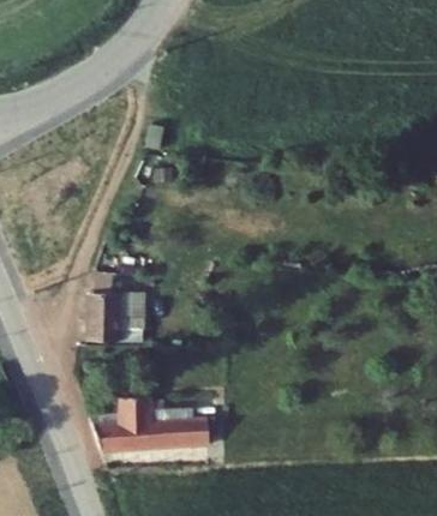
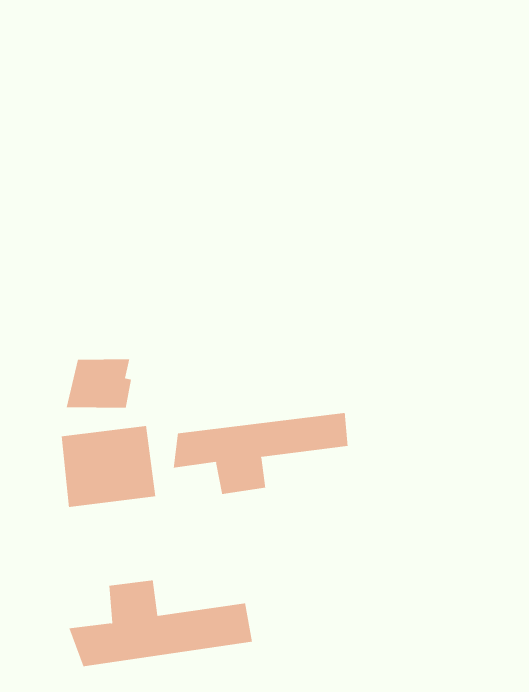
building: none -> [173,412,348,495]

